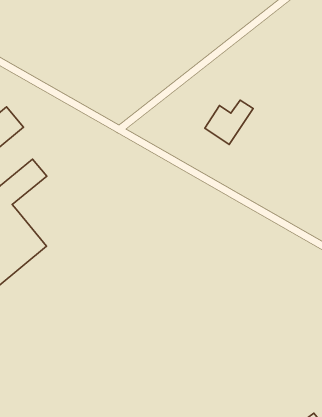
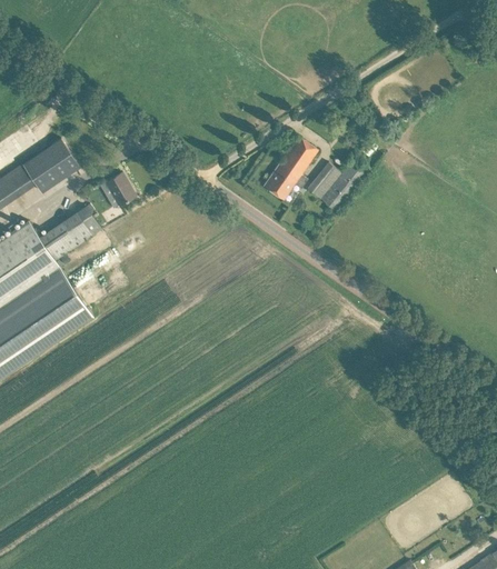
building: none -> [264,138,316,200]
building: none -> [105,173,135,207]

